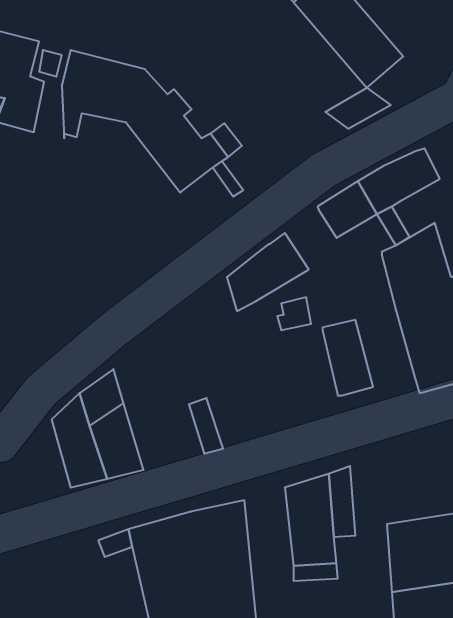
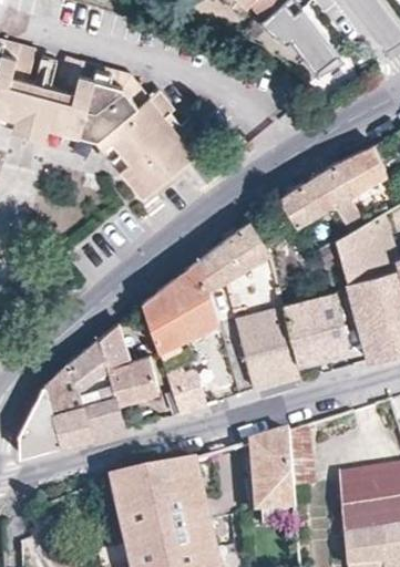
building: none -> [30,89,57,138]
building: [325,88,391,129] -> none
building: none -> [68,116,158,202]
building: none -> [143,260,219,351]
building: none -> [312,292,349,357]
building: none -> [236,307,304,390]
building: none -> [100,324,158,404]
building: none -> [20,385,62,456]

